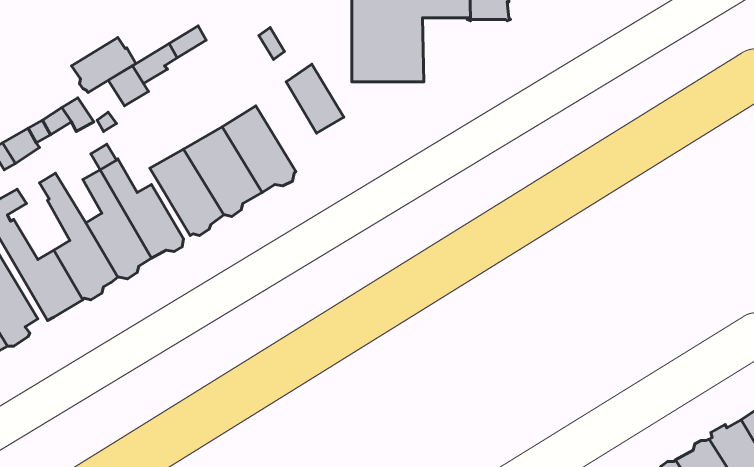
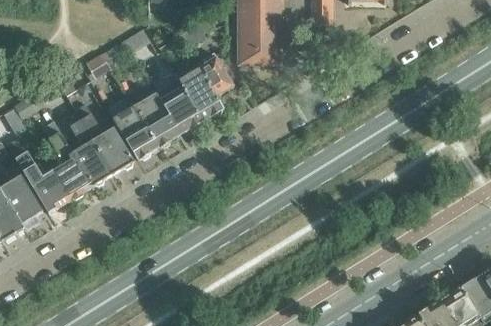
building: [72,38,136,92] -> none
building: none -> [177,63,222,119]

